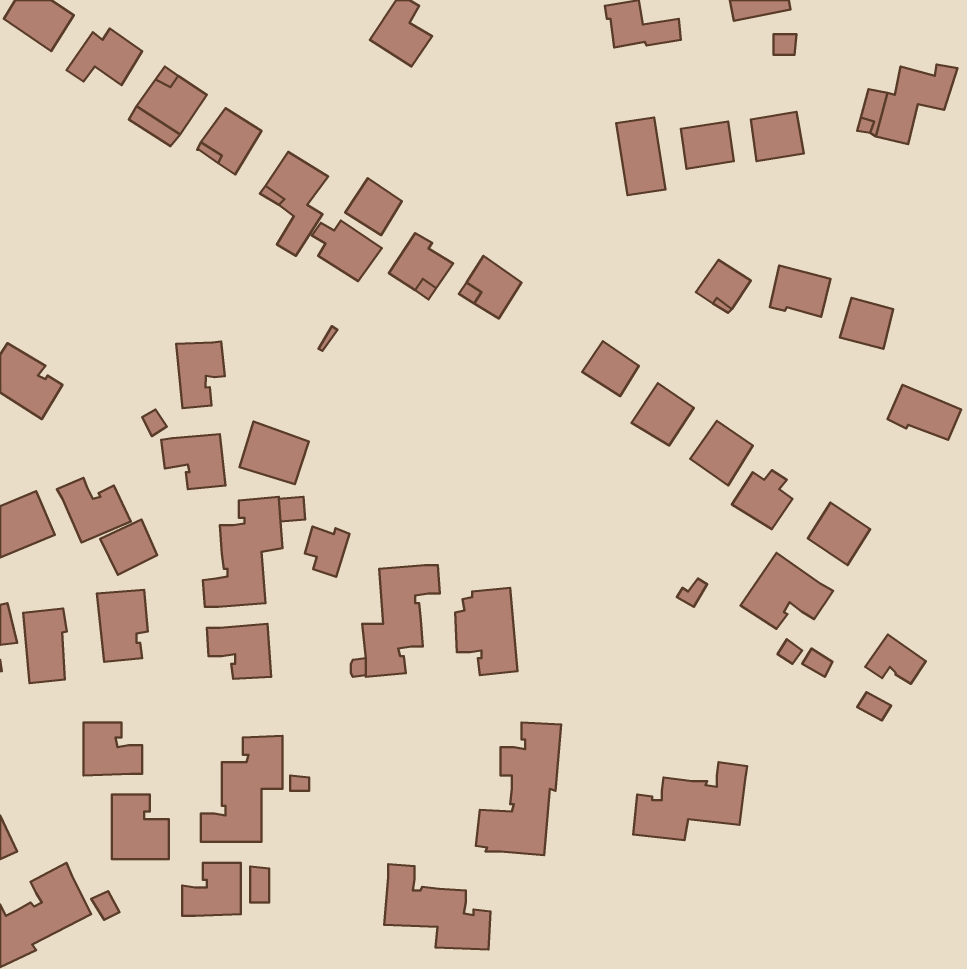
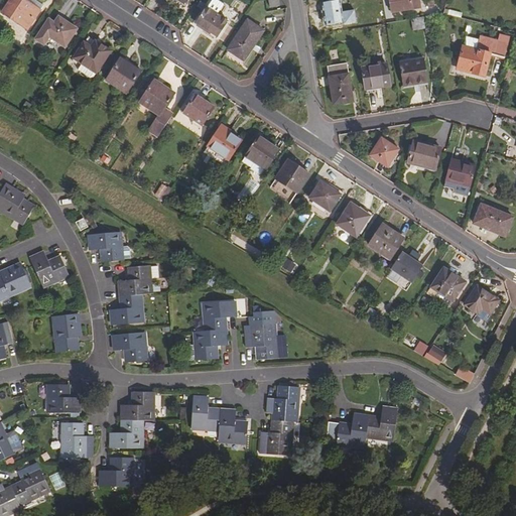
building: none -> [229,19,265,59]
building: [312,221,382,281] -> none
building: none -> [275,158,309,192]
building: [176,342,225,408] -> none
building: [239,422,309,484] -> none
building: [100,520,157,575] -> none
building: [305,527,350,577] -> none
building: [741,553,833,629] -> none
building: [23,608,67,683] -> none
building: [865,635,926,684] -> [465,287,497,313]
building: [384,864,491,949] -> [191,396,248,441]

